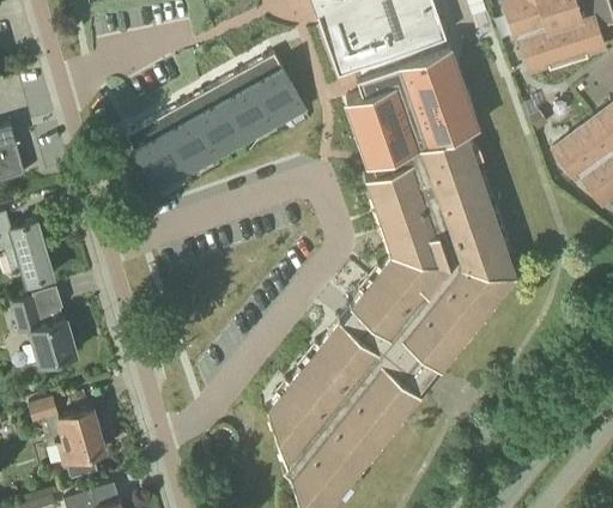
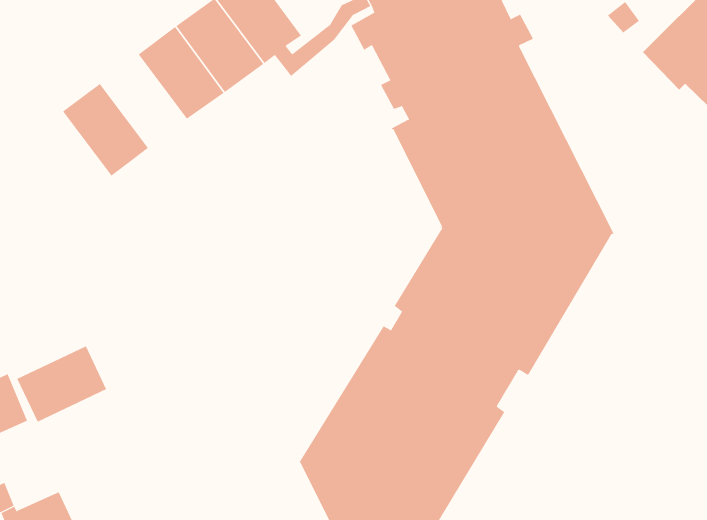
building: [162,102,220,170] -> none
building: none -> [17,346,107,423]

